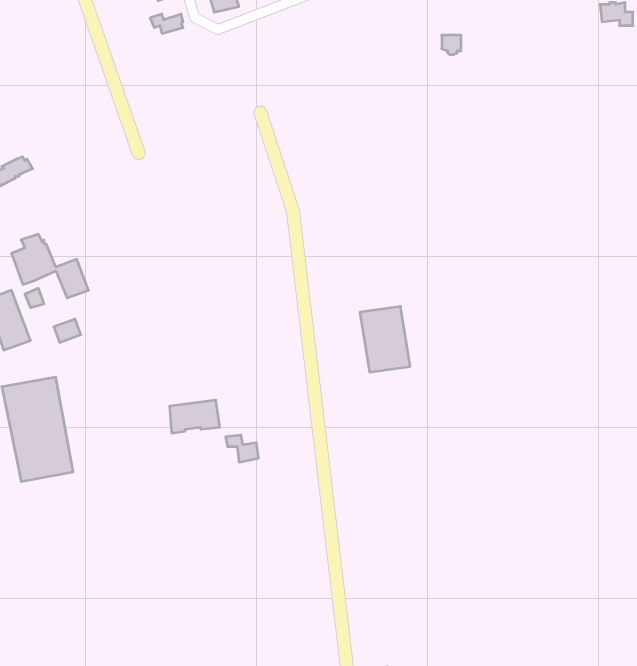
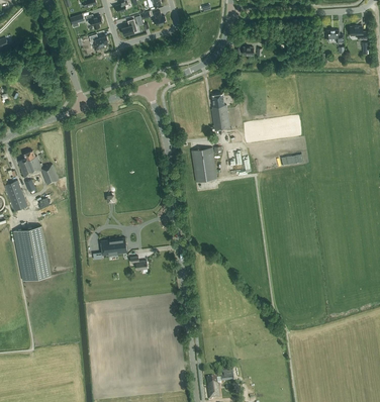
building: none -> [212,93,230,130]
building: [360,306,410,372] -> [191,147,217,182]

